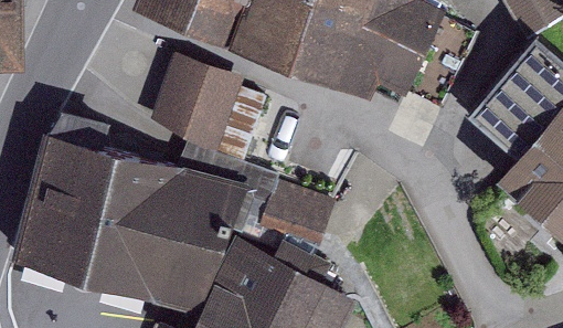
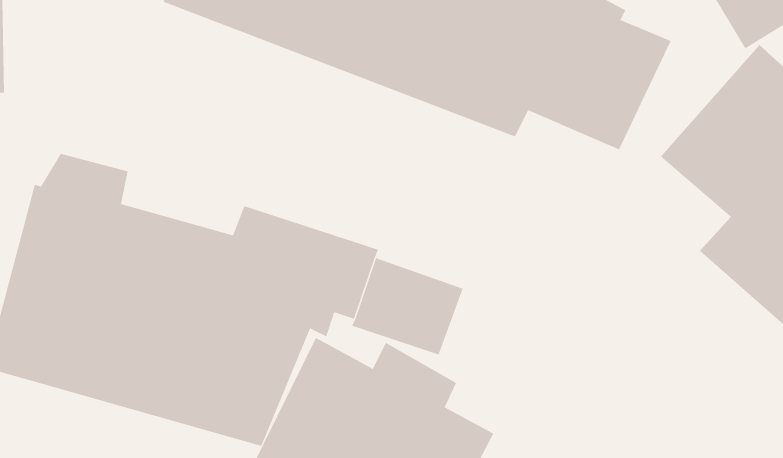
building: [149,55,243,155] -> none

